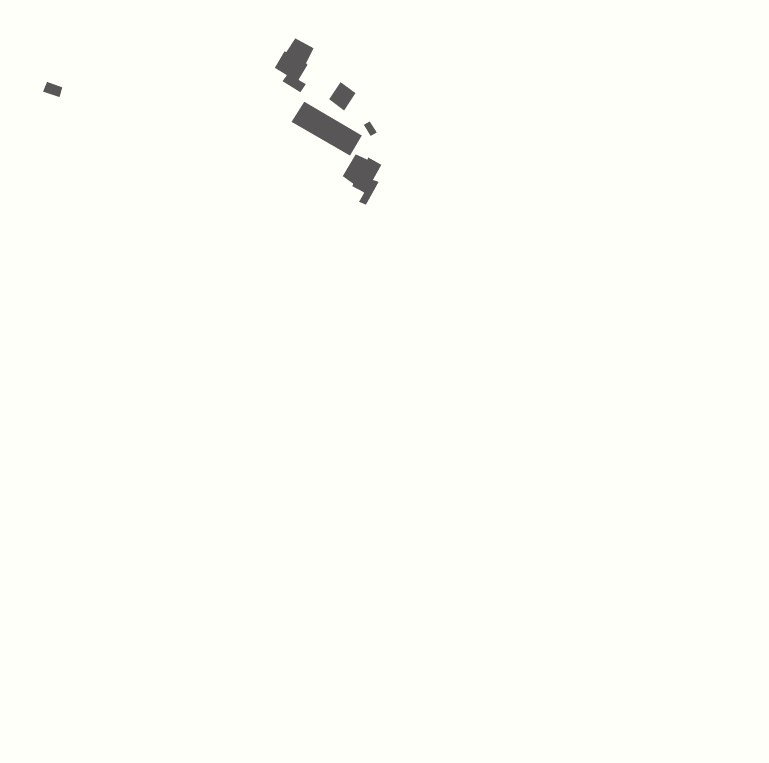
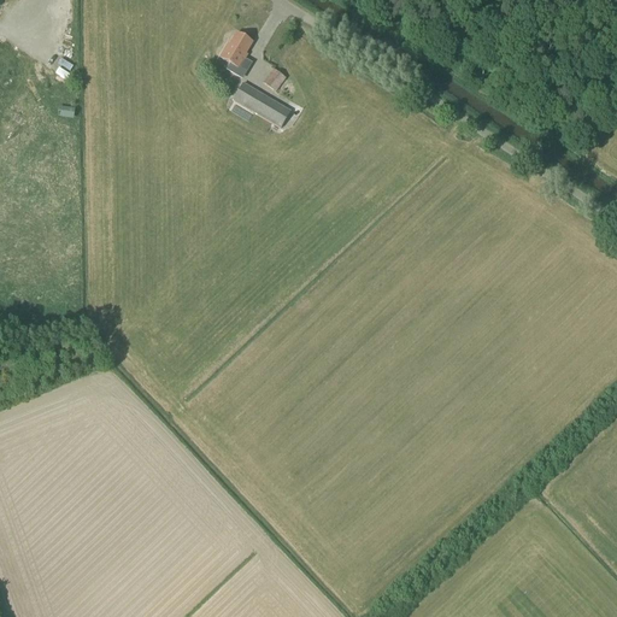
building: [342,154,382,206] -> none

